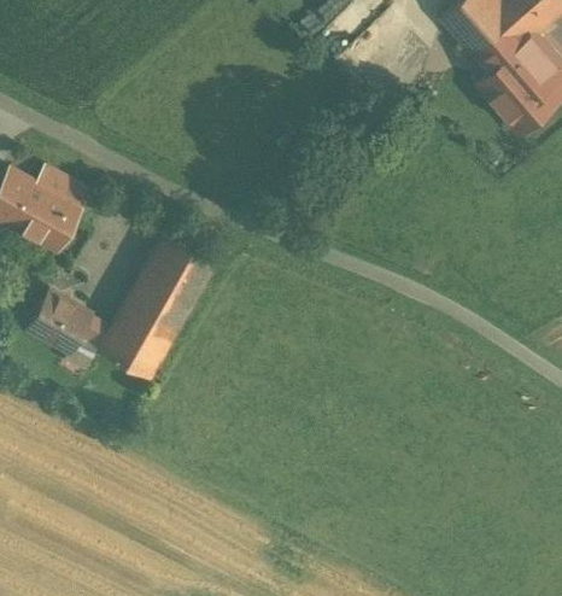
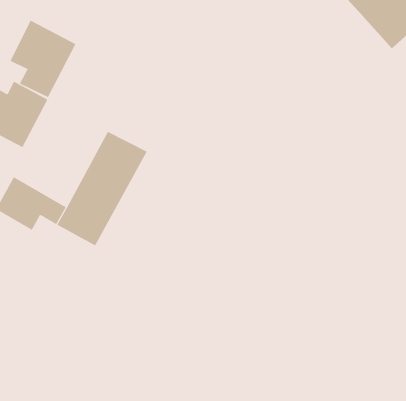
building: [478,74,537,134] -> none
building: none -> [10,20,76,98]

